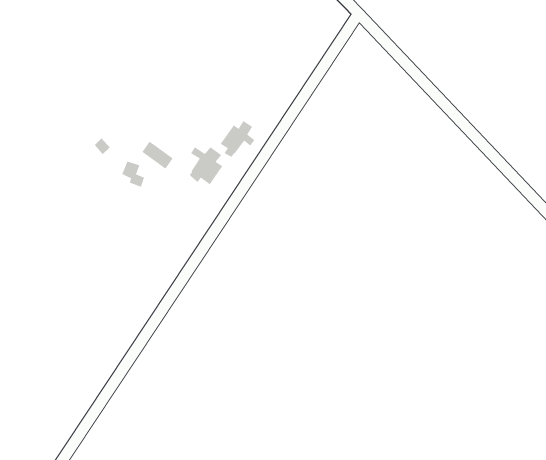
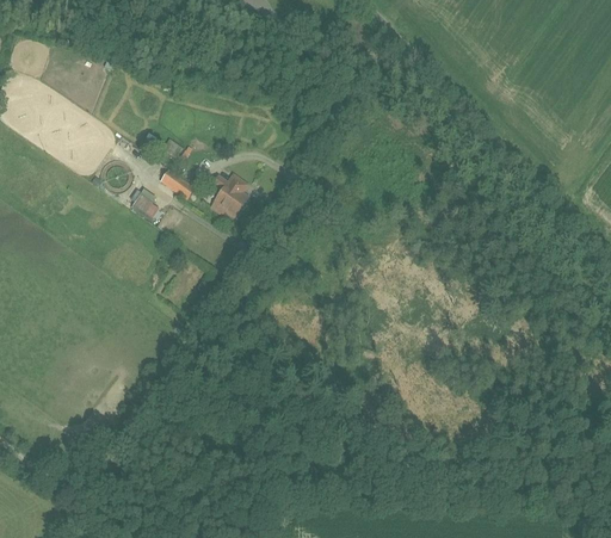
building: [220,120,255,157] -> none

